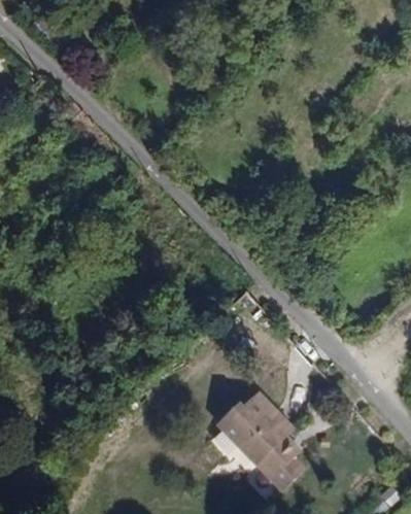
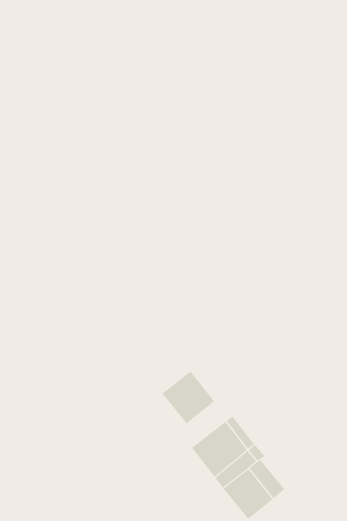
building: none -> [162,371,215,424]

